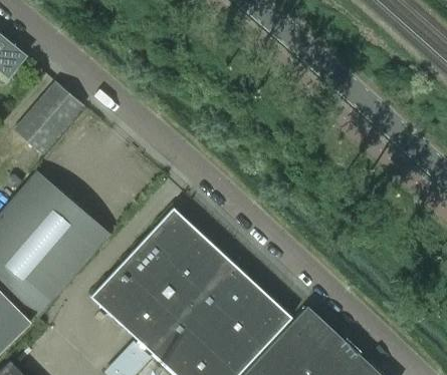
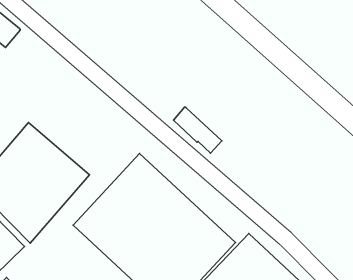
building: [14,81,83,153] -> none
building: none -> [174,107,222,153]

